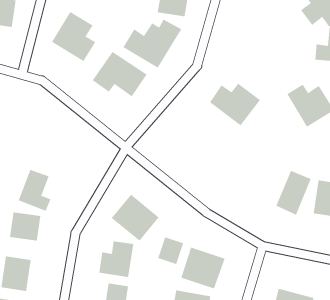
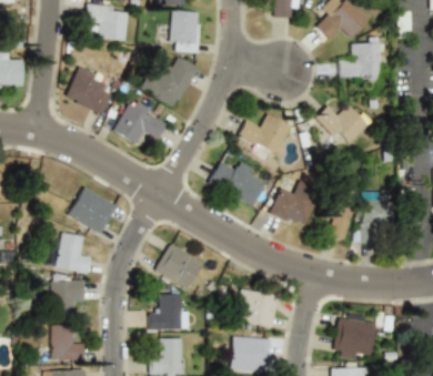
building: none -> [210,156,264,202]
building: none -> [68,186,118,233]
building: none -> [269,183,318,227]
building: [157,237,184,265] -> none

